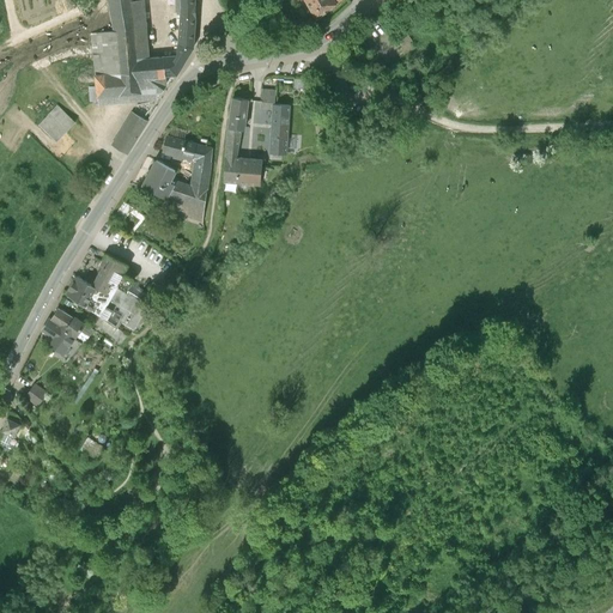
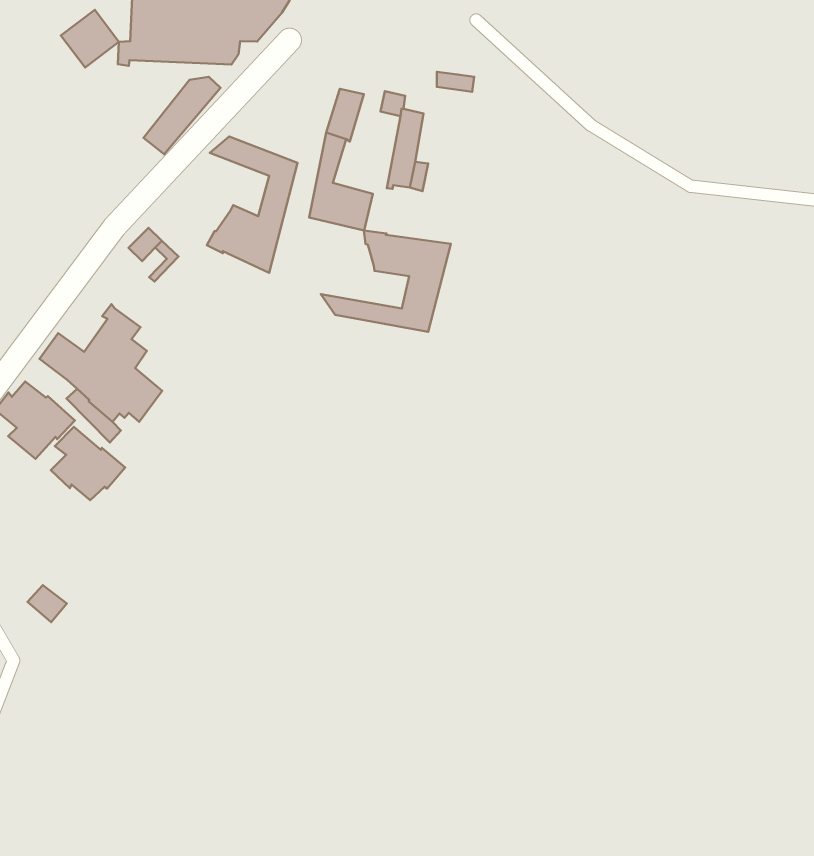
building: [37,104,74,141] -> [61,10,119,67]
building: [141,159,174,198] -> none
building: none -> [321,231,451,332]
building: none -> [51,427,125,500]

